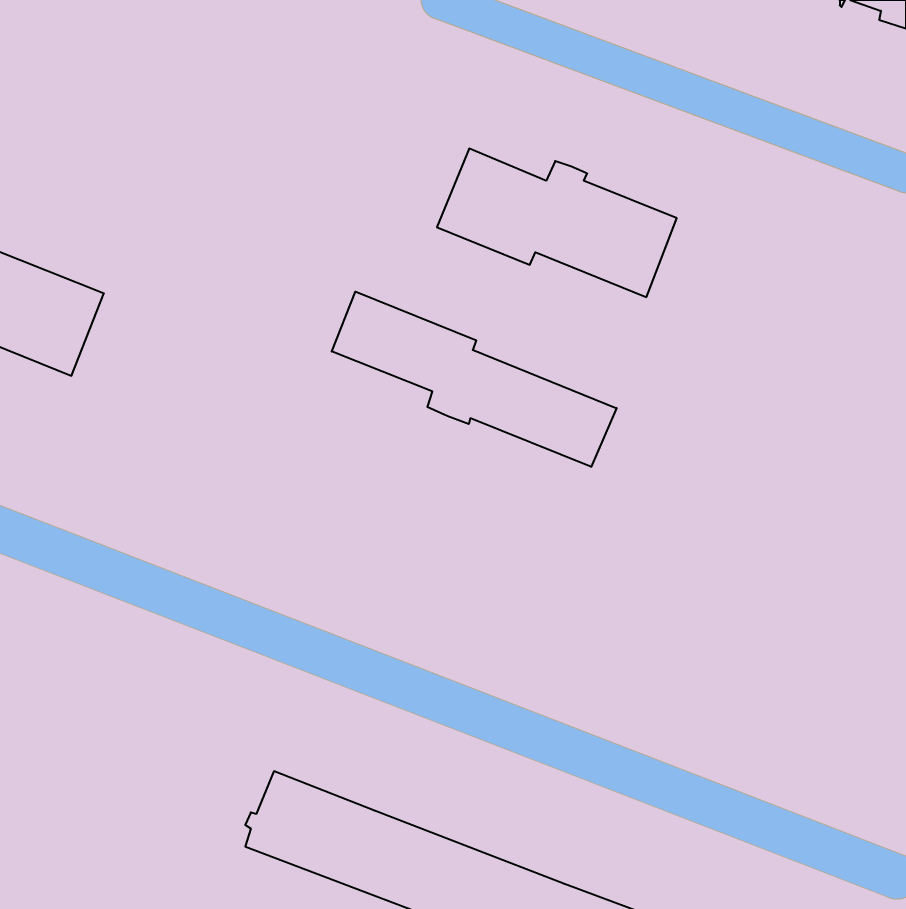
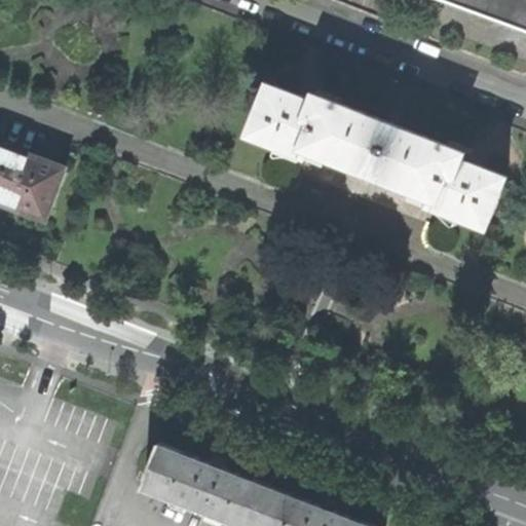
building: none -> [371,128,503,226]
building: [332,292,617,467] -> none

